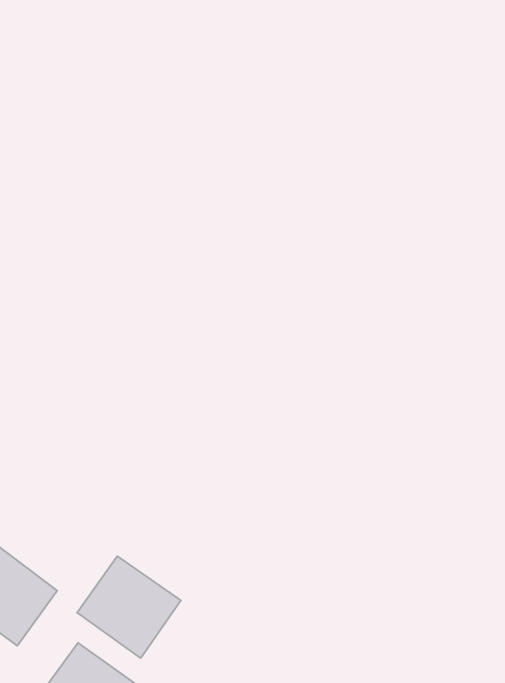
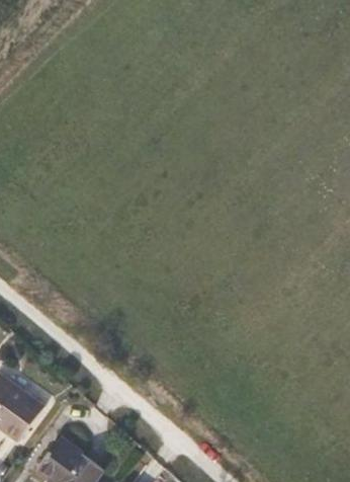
building: [77,556,181,658] -> none

